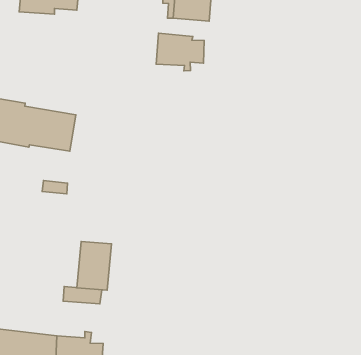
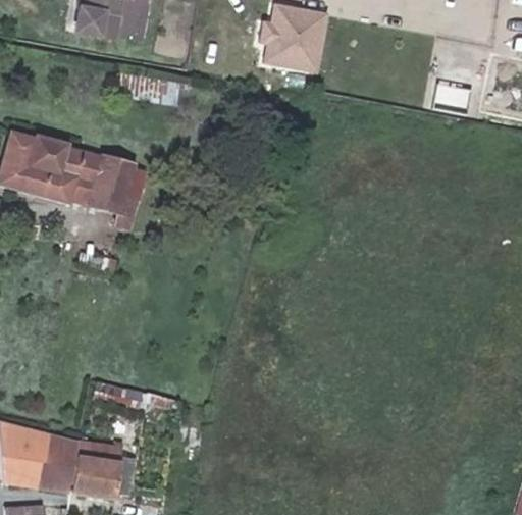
building: [156,33,204,71] -> none
building: [77,241,111,290] -> none

